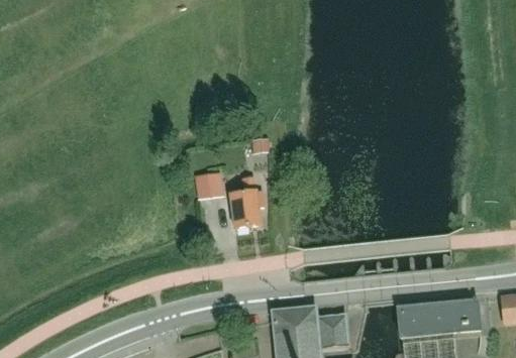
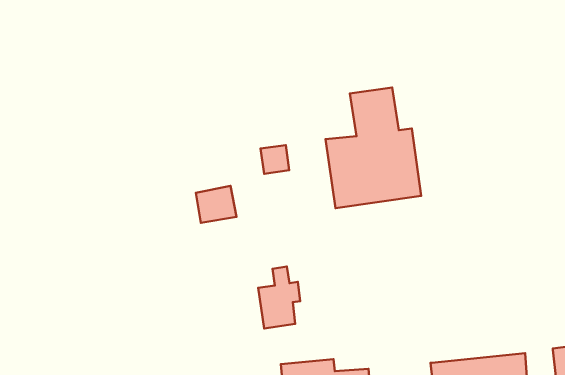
building: none -> [325,87,421,208]
building: [229,176,265,229] -> [258,266,300,329]

